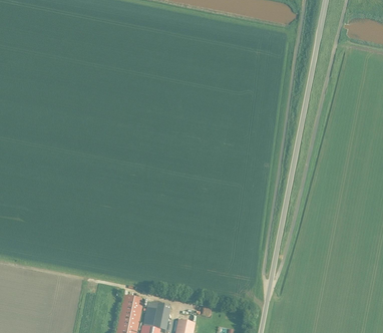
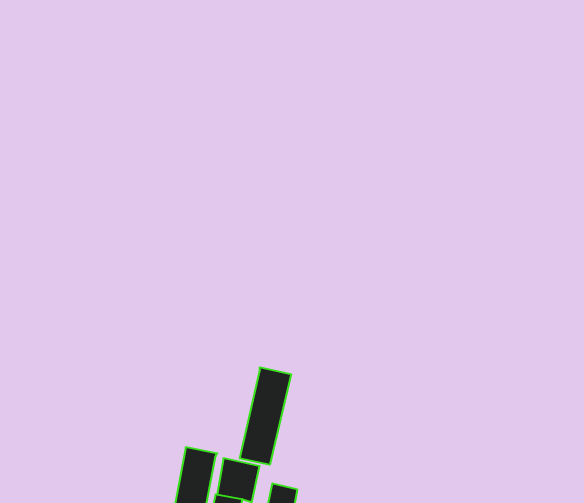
building: none -> [240,367,291,465]

